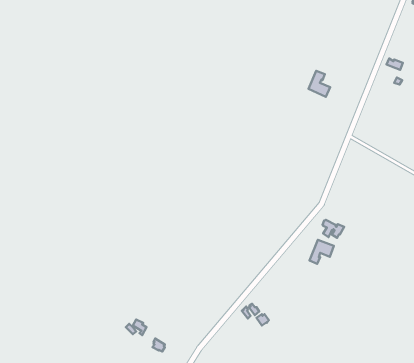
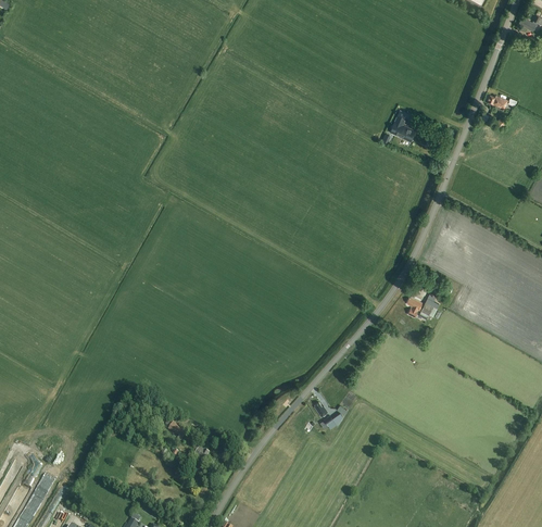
building: [310,240,334,264] -> none

